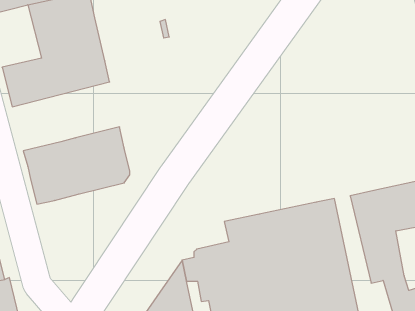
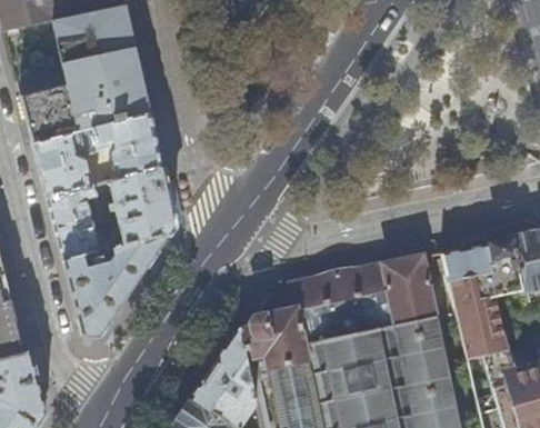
building: none -> [33,113,163,197]
building: none -> [63,236,169,336]

